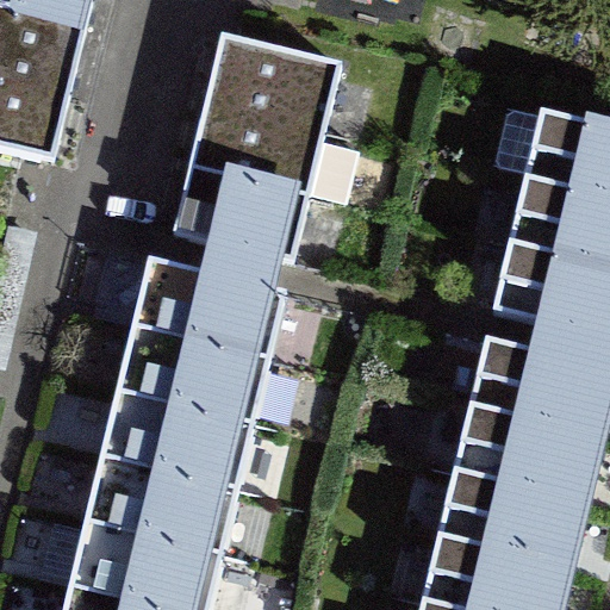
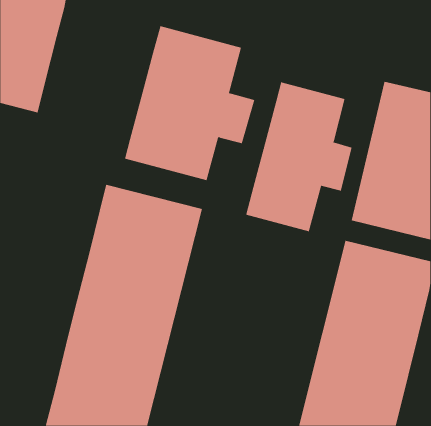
building: none -> [245,81,352,232]

